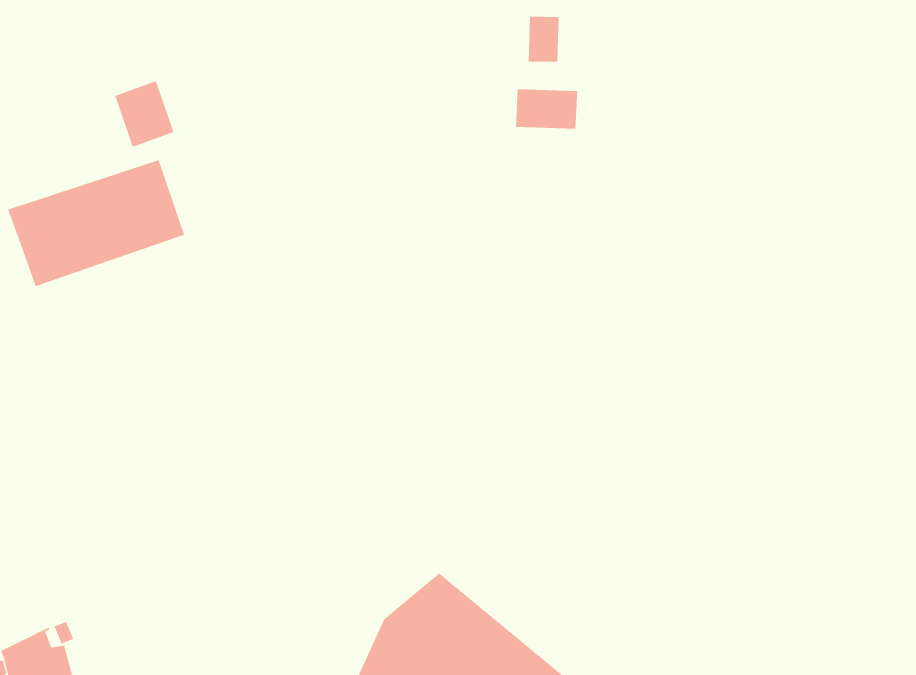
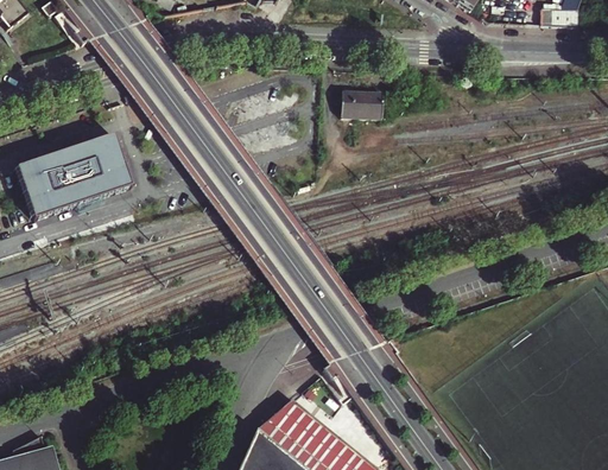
building: [528,16,560,62] -> none
building: [114,80,175,148] -> none

